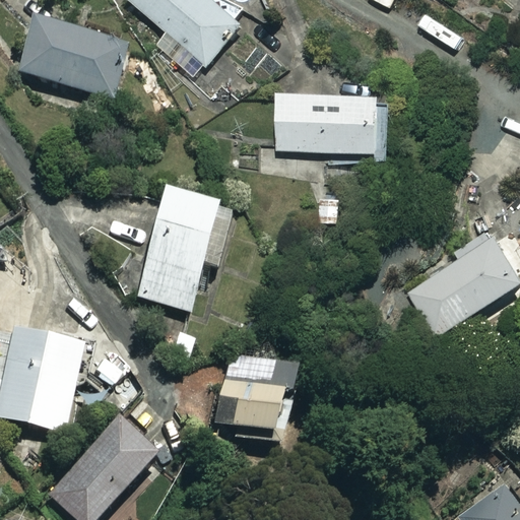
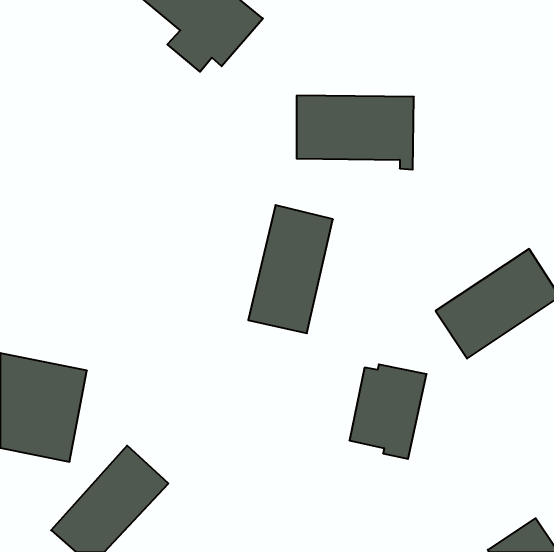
building: [19,20,130,101] -> none
building: [137,191,216,311] -> [248,205,333,333]
building: [214,355,286,444] -> [349,364,427,459]

